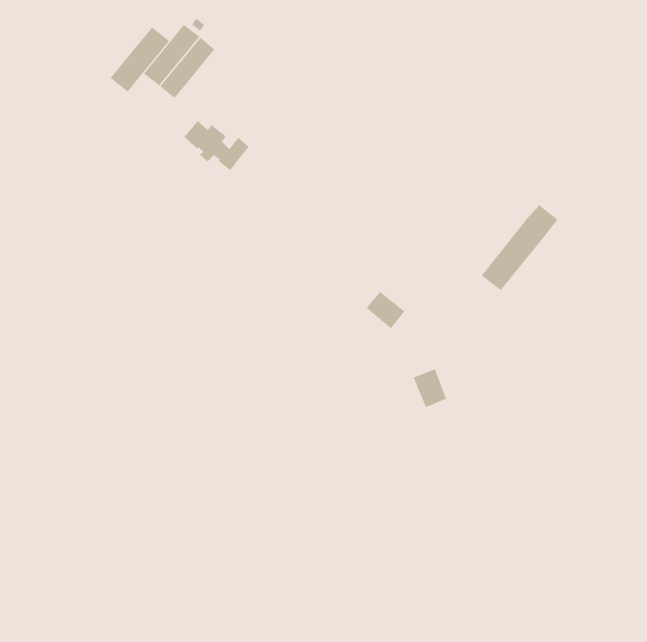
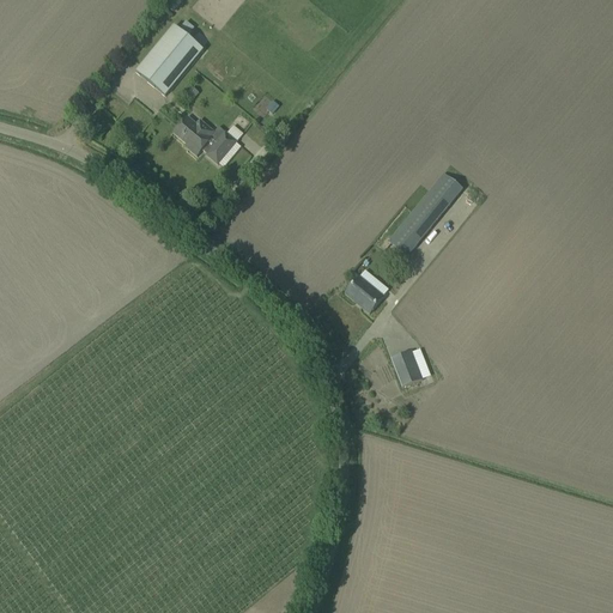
building: [110,26,170,92] -> none
building: [481,205,558,291] -> [390,172,463,254]

